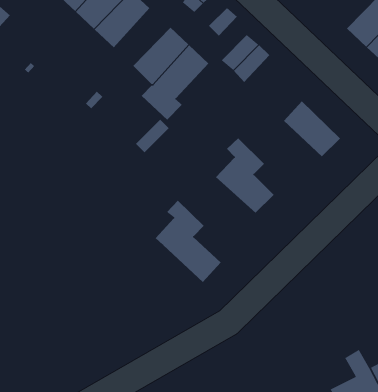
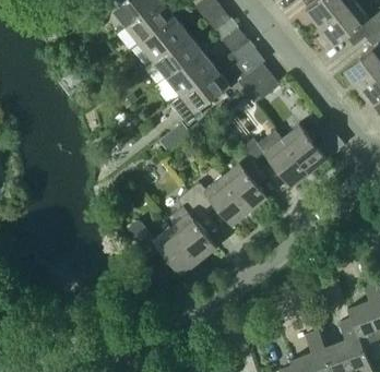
building: none -> [153,33,201,77]
building: none -> [244,130,309,187]
building: none -> [188,177,249,225]
building: none -> [128,220,199,275]

